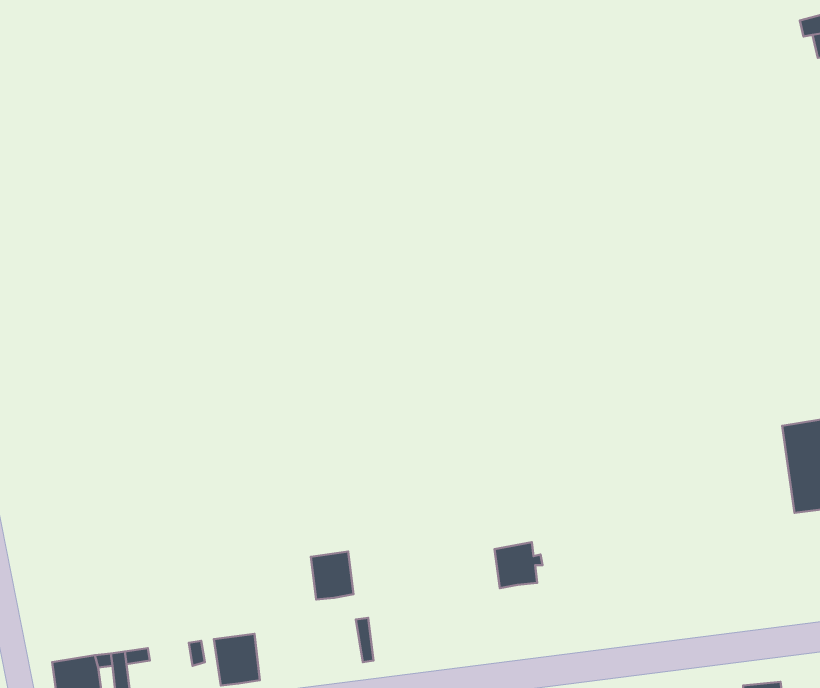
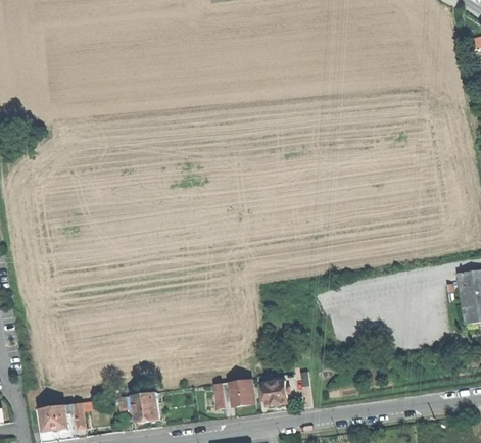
building: [494,542,542,588] -> [261,379,289,405]
building: [311,551,354,599] -> [228,379,252,406]

